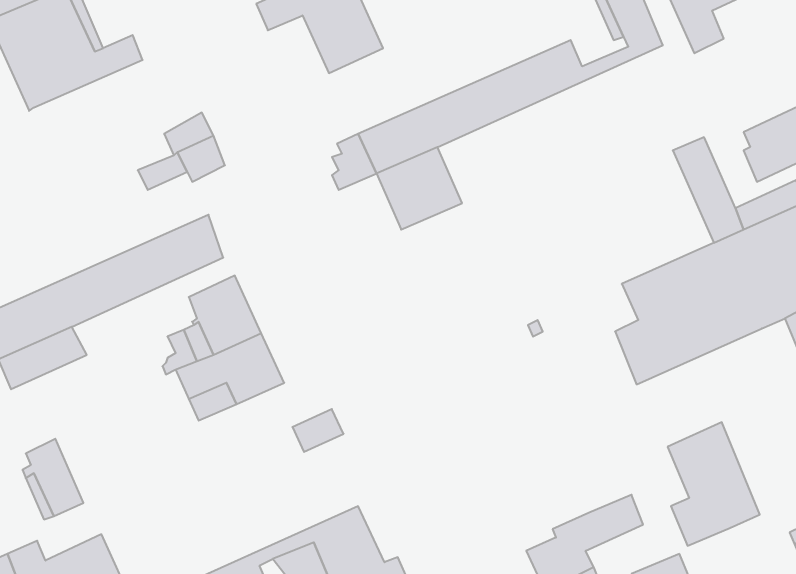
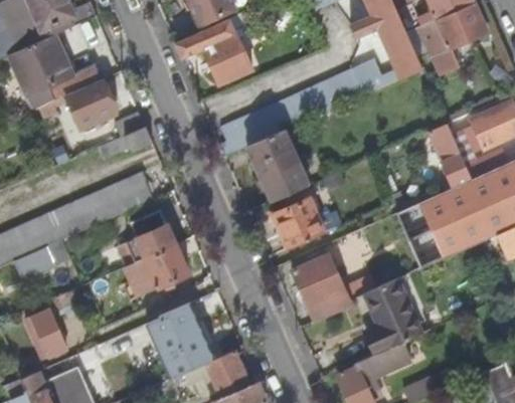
building: none -> [37,76,119,127]
building: none -> [262,164,308,201]
building: none -> [268,198,324,252]
building: none -> [292,254,350,321]
building: none -> [147,297,216,374]
building: [668,422,760,546] -> [364,277,420,353]

